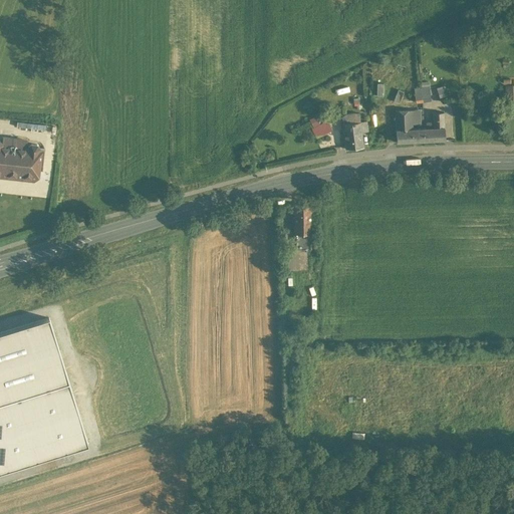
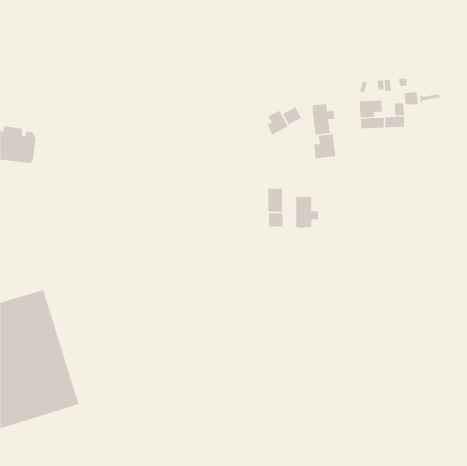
building: none -> [266,110,289,135]
building: none -> [313,134,336,159]
building: none -> [295,196,319,229]

